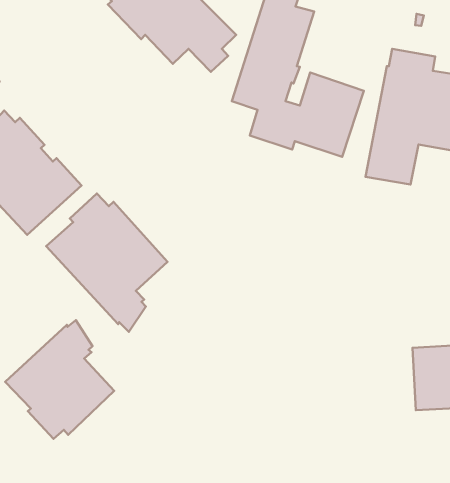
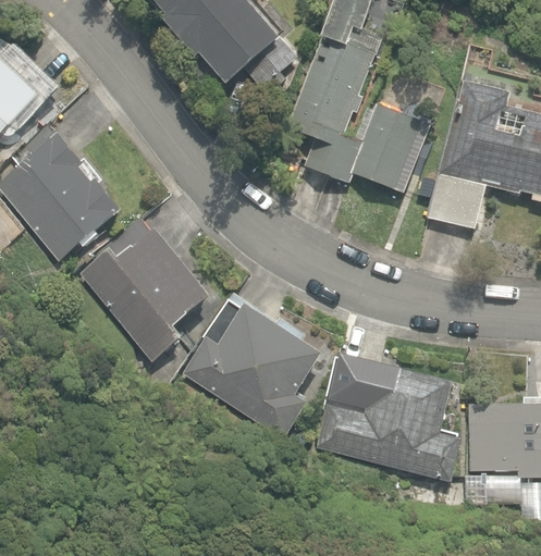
building: none -> [182,292,321,437]
building: none -> [315,351,462,481]
building: [5,320,114,439] -> none

